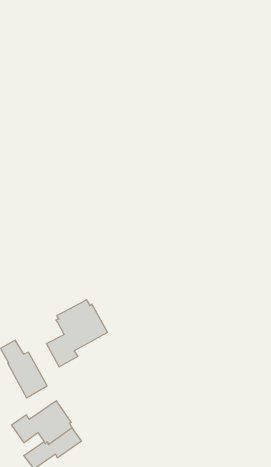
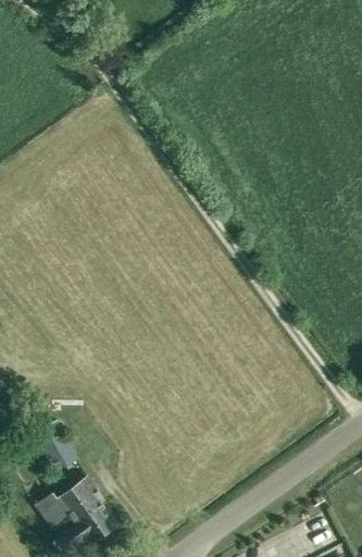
building: [46,300,108,367] -> none

